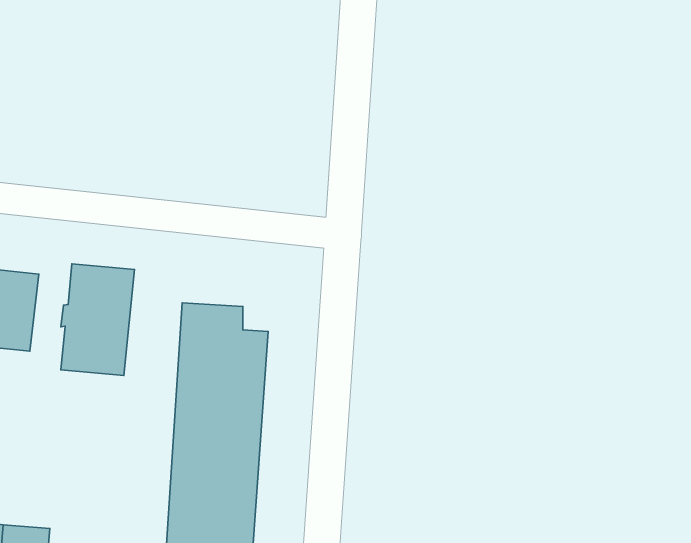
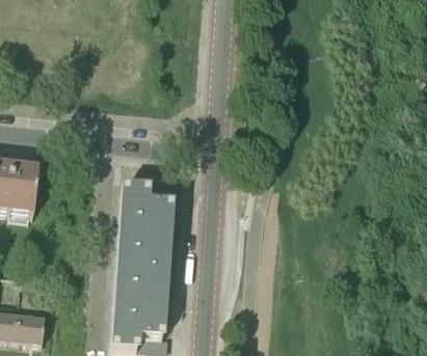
building: [61,264,135,375] -> none

